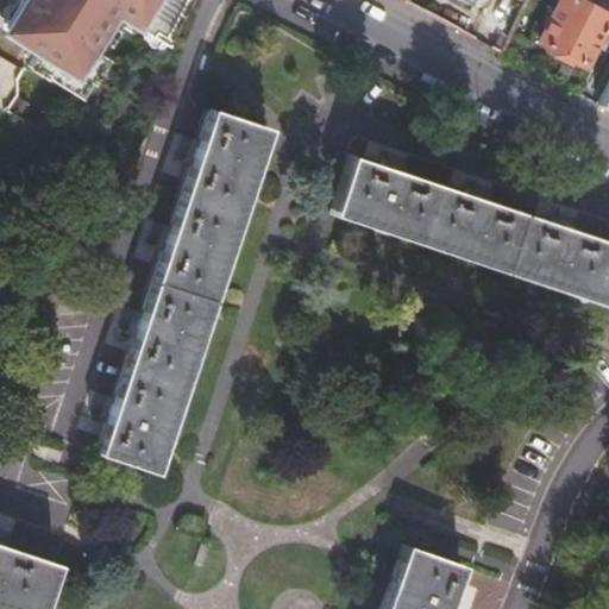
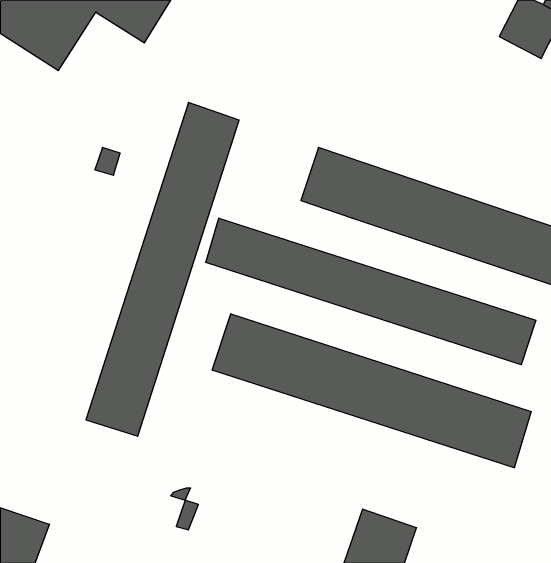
building: none -> [206,218,536,365]
building: none -> [212,314,531,468]

